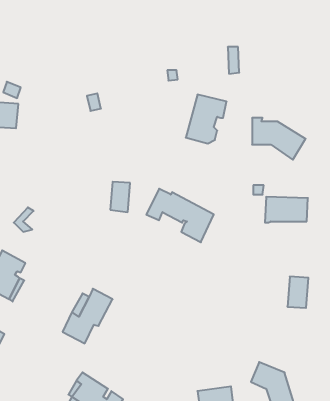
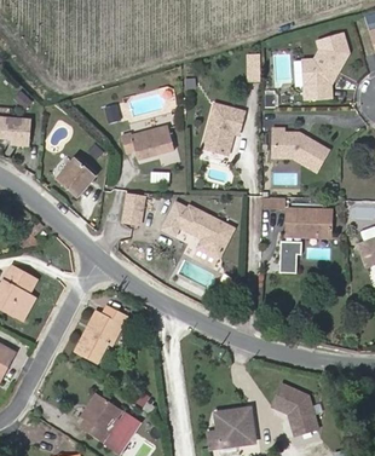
building: none -> [304,34,347,97]
building: none -> [119,125,173,160]
building: none -> [53,154,91,192]
building: [287,277,308,308] -> [277,241,299,273]

